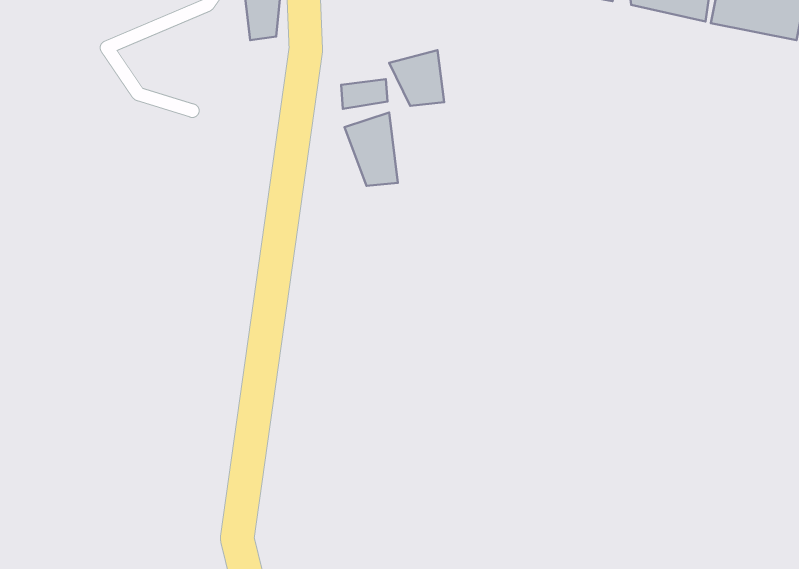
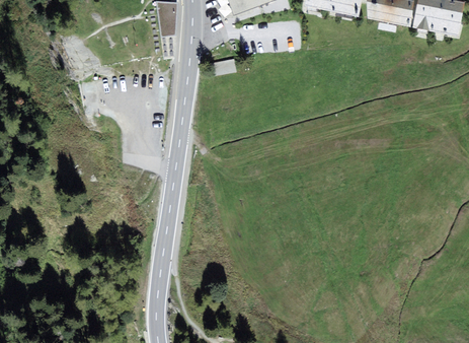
building: [389,50,444,106] -> none
building: [344,113,398,186] -> none

